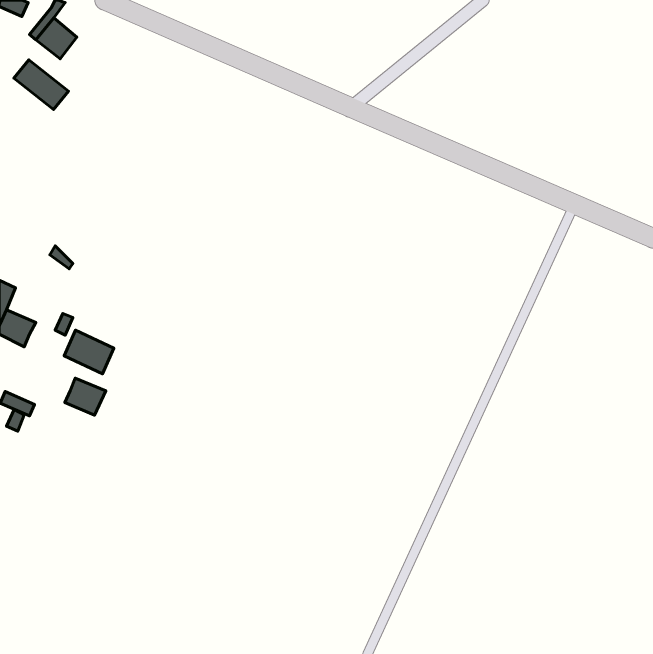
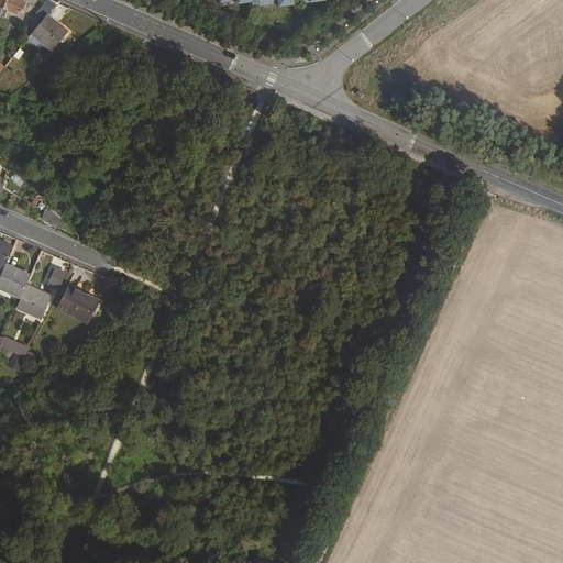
building: [14,60,69,110] -> none
building: [65,378,106,415] -> [16,287,52,319]

